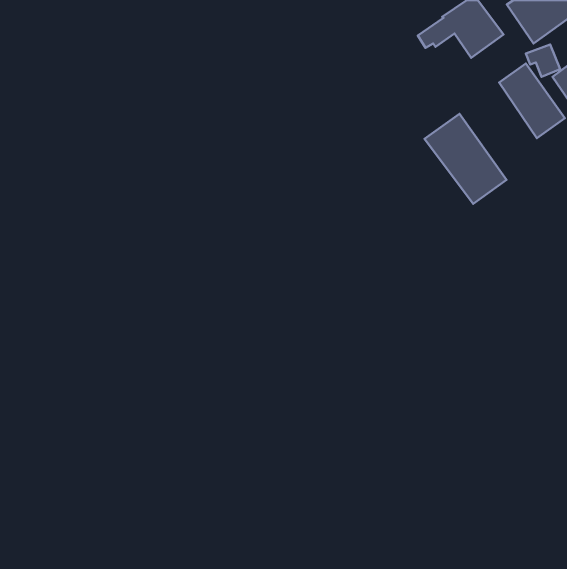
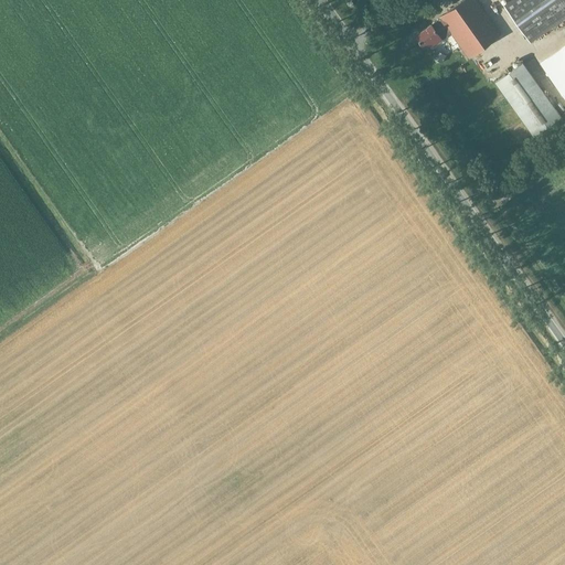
building: [424,114,507,204] -> none

